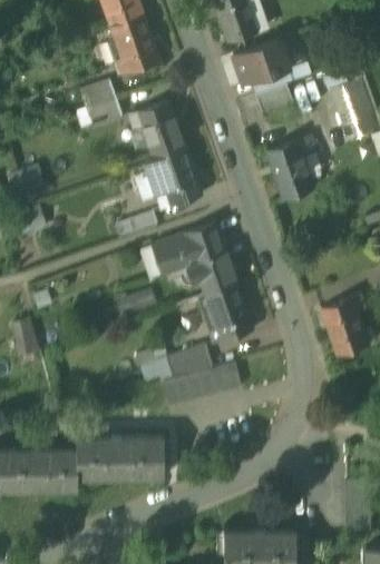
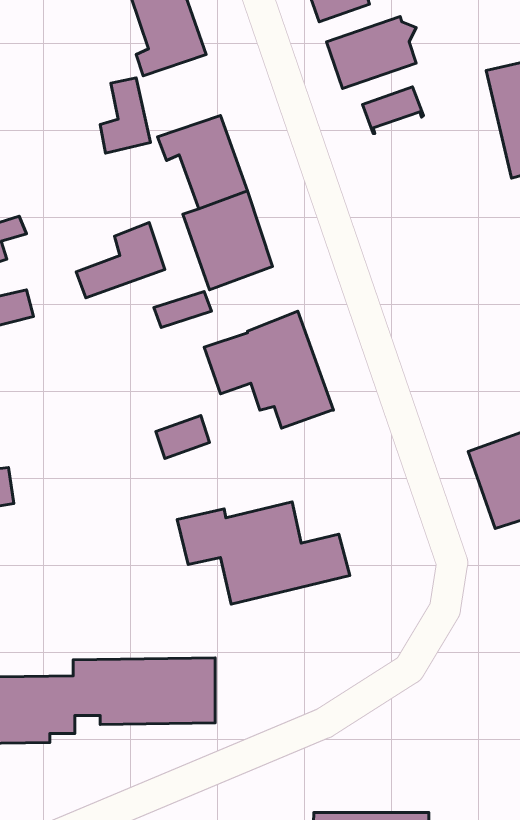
building: [264,139,313,200] -> none
building: none -> [76,223,165,298]
building: [204,285,252,347] -> none

